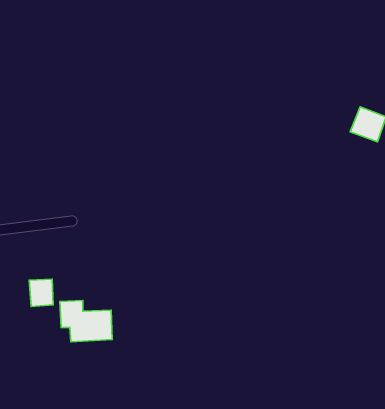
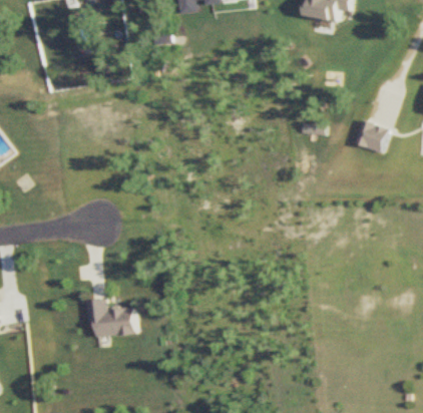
building: [29,279,53,306] -> none

